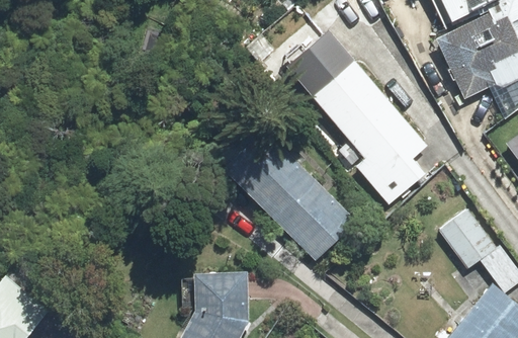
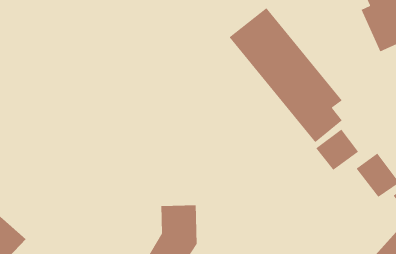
building: [238,134,349,248] -> none
building: none -> [315,129,359,171]

